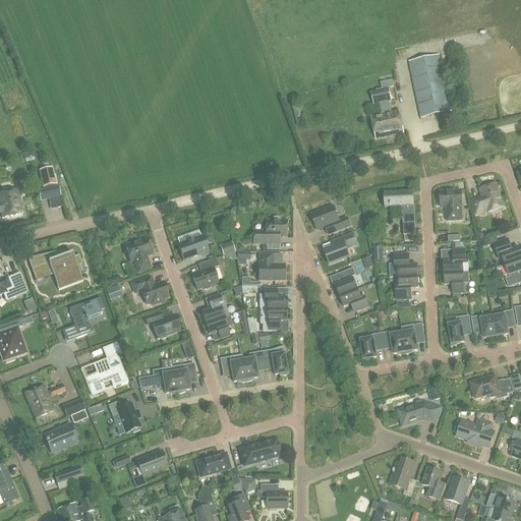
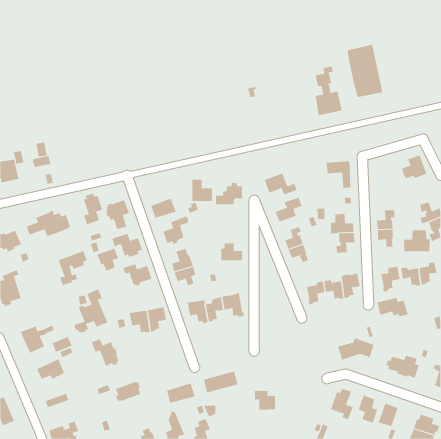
building: [440,189,461,218] -> none
building: none -> [83,193,103,225]
building: [258,252,284,279] -> [191,179,213,202]
building: none -> [403,230,430,252]
building: none -> [97,248,119,272]
building: [259,307,286,328] -> none
building: [470,374,508,398] -> [376,297,408,317]
building: [260,483,286,507] -> [254,390,276,410]

